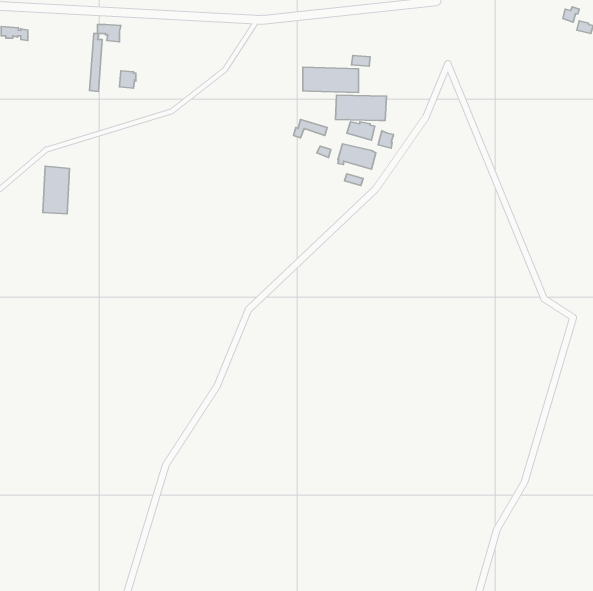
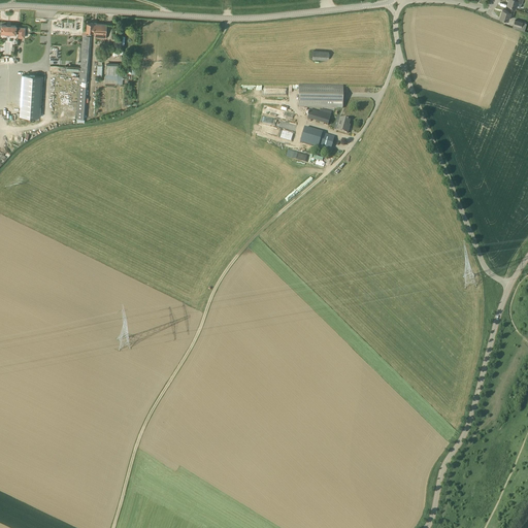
building: [303,67,359,92] -> none
building: [43,166,70,214] -> [20,73,43,116]

